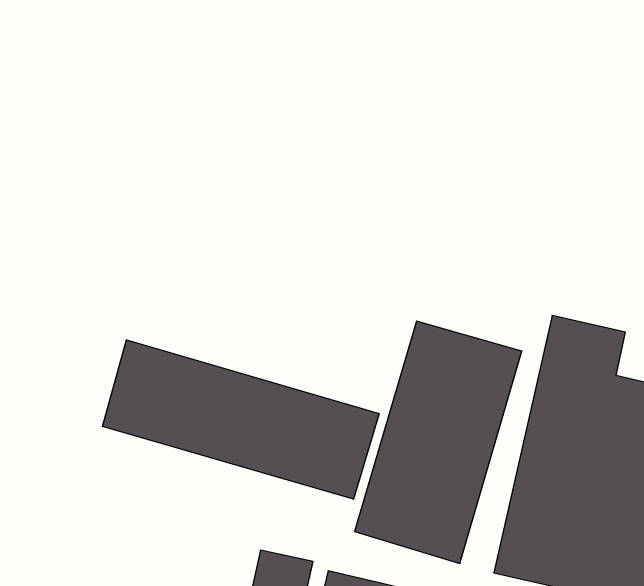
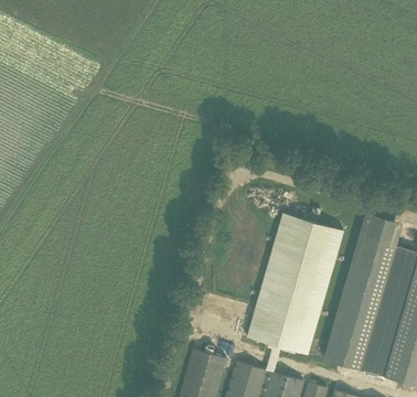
building: [102,340,379,499] -> none

